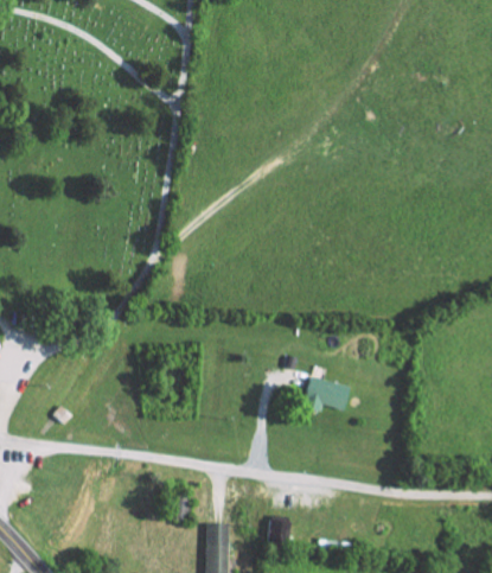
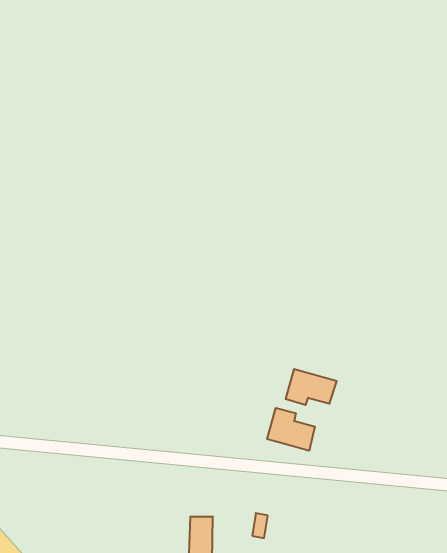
building: none -> [267,408,315,451]

